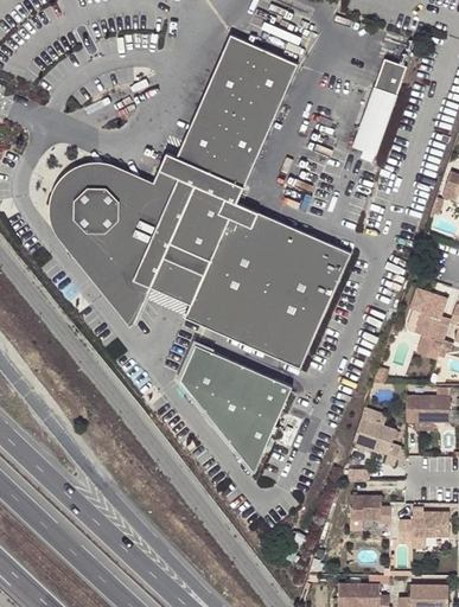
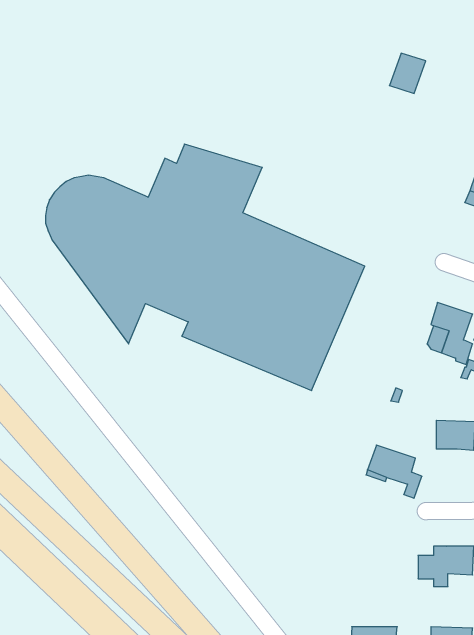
building: [184,37,297,164] -> none
building: [352,89,394,155] -> none
building: [179,344,292,472] -> none
building: [349,496,389,523] -> none

